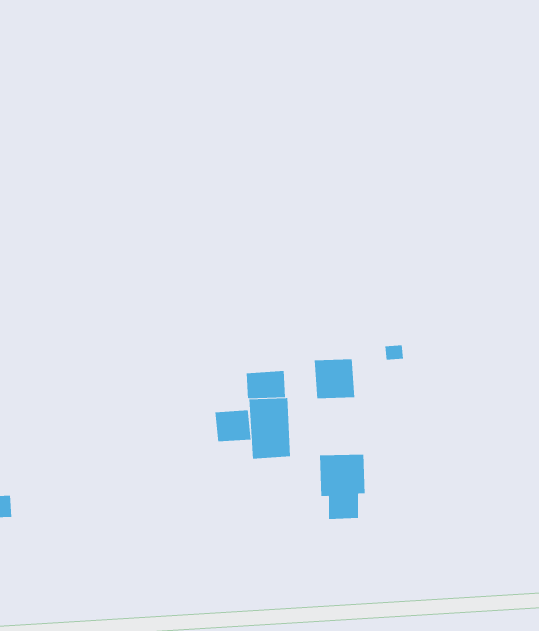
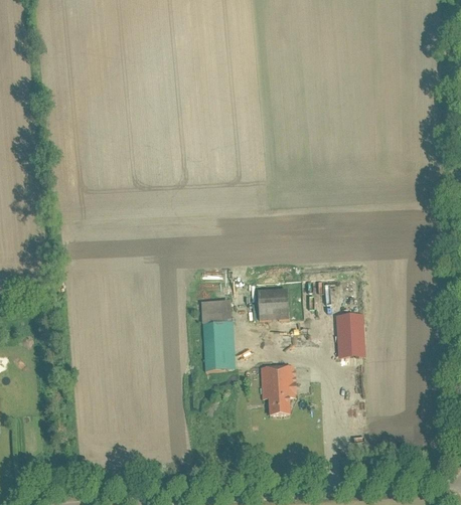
building: none -> [335,312,363,356]
building: [215,410,251,442] -> none

